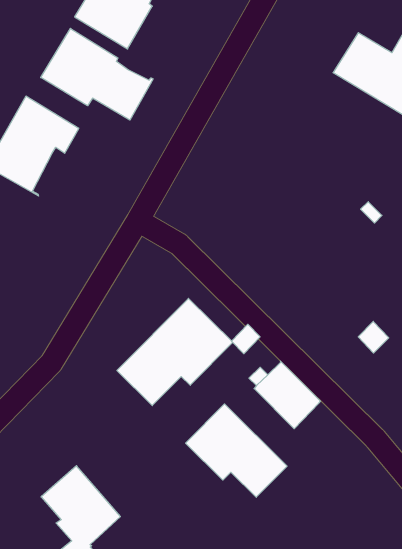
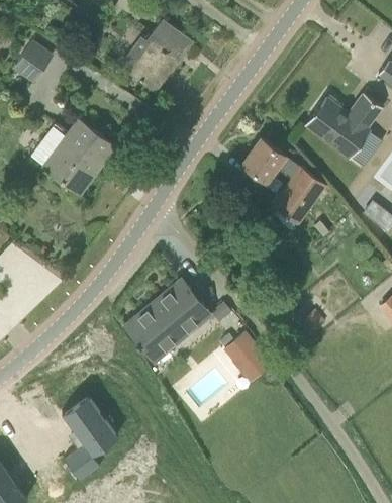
building: [41,28,153,120] -> none
building: none -> [241,138,326,225]
building: [186,404,287,497] -> none

